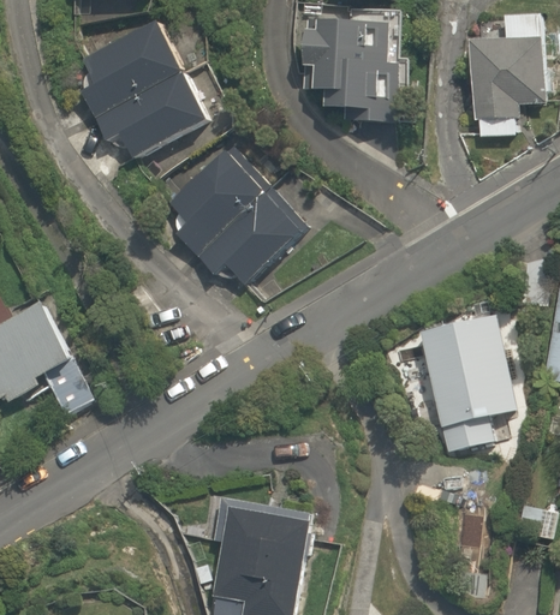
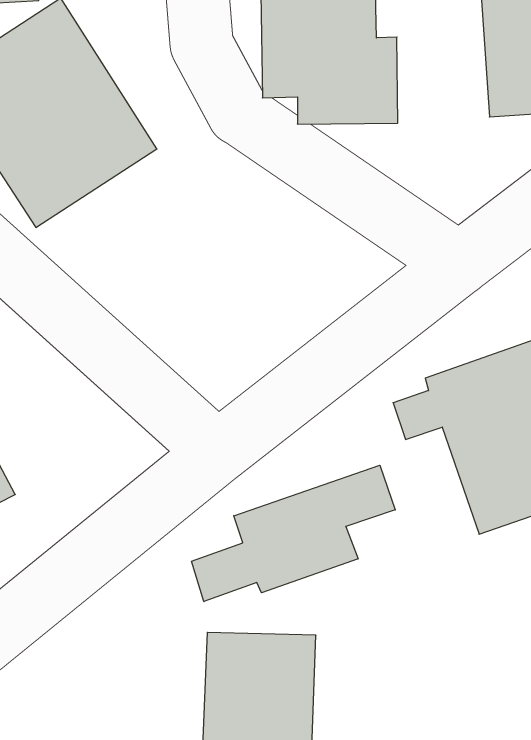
building: [171,144,311,298] -> none
building: none -> [192,465,395,602]

